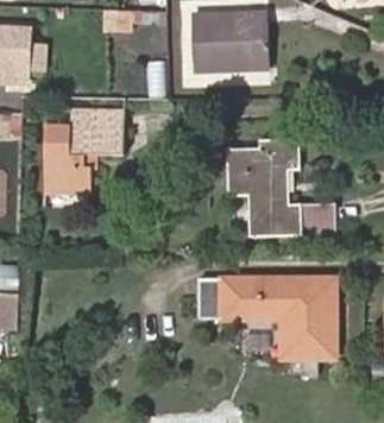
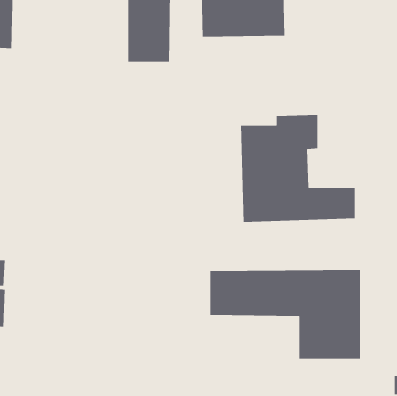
building: [45,109,124,194] -> none

